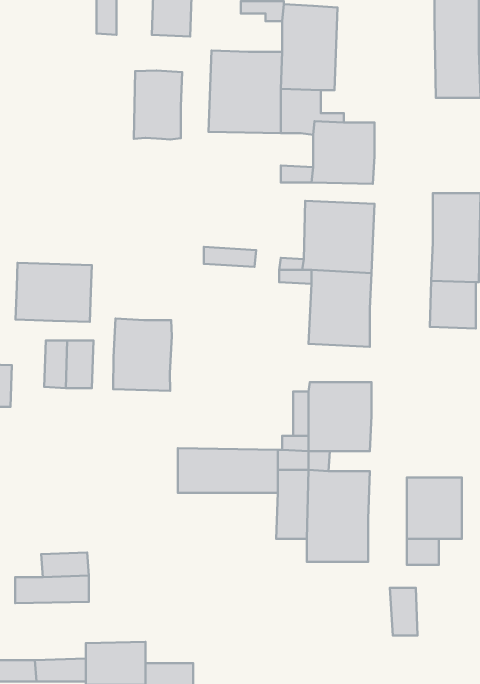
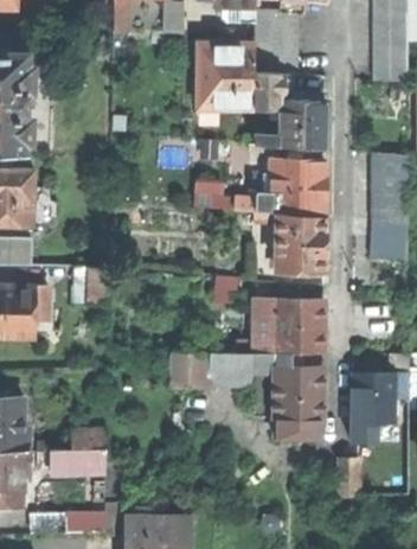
building: [134,71,182,139] -> none
building: [16,263,92,322] -> none
building: [113,318,172,391] -> none

